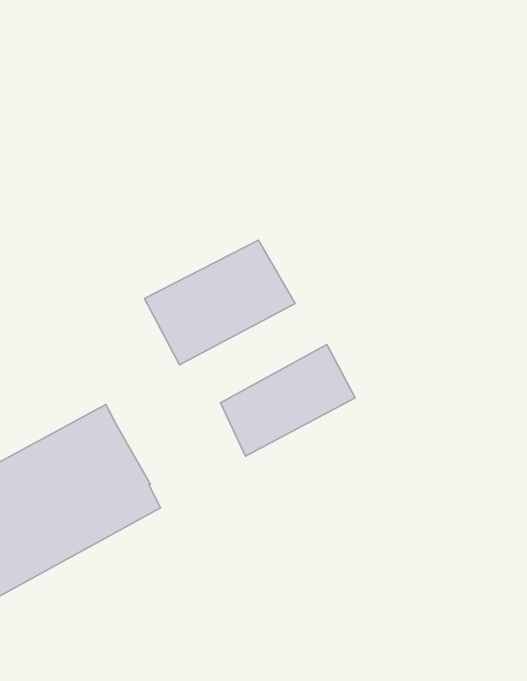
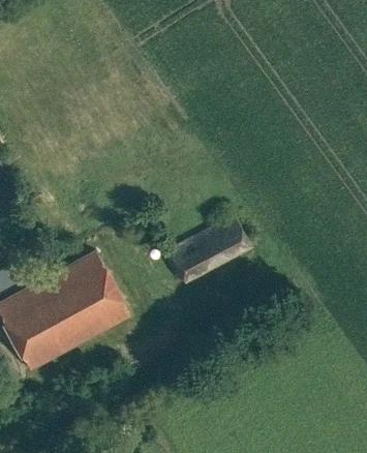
building: [145,240,295,365] -> none

